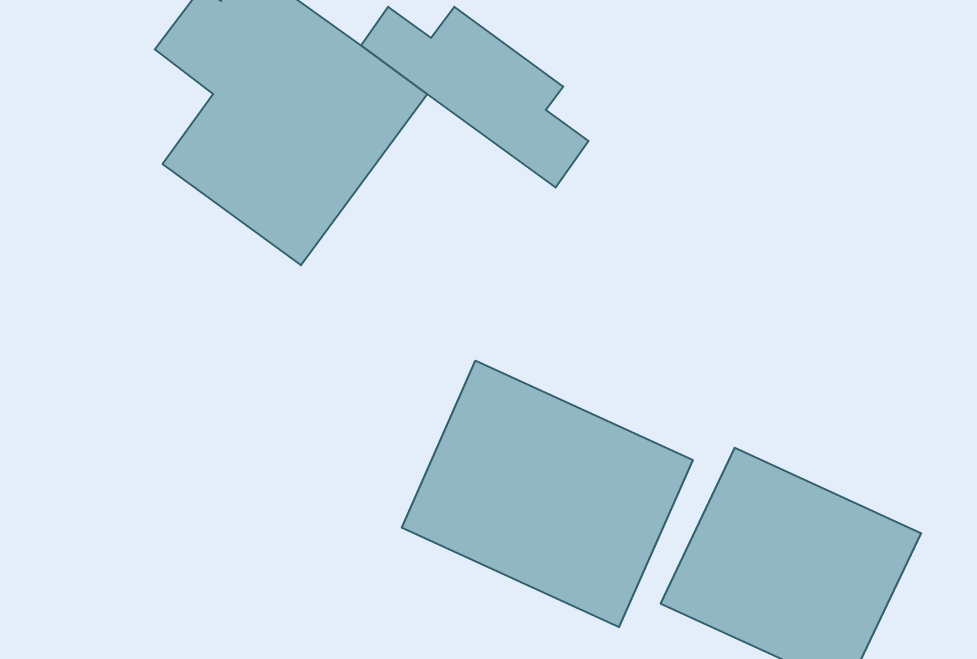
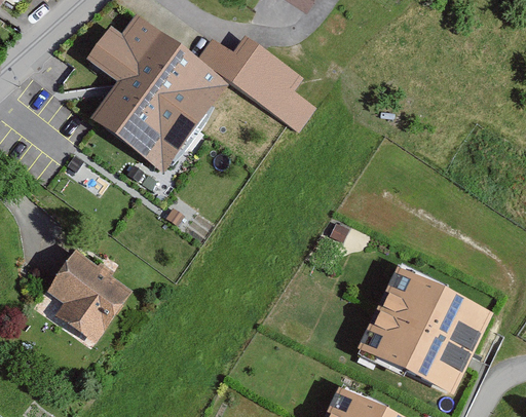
building: [402,361,693,627] -> none
building: none -> [52,245,135,336]

